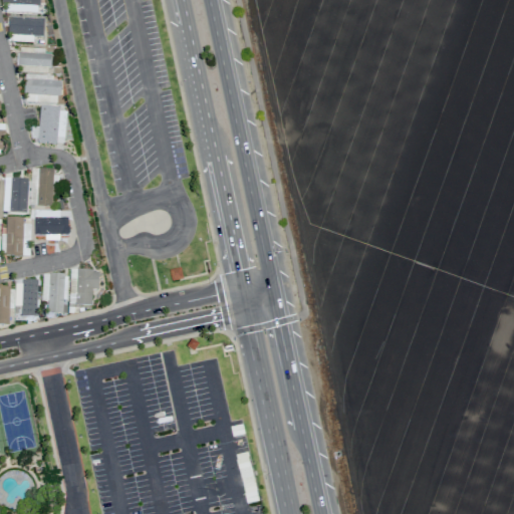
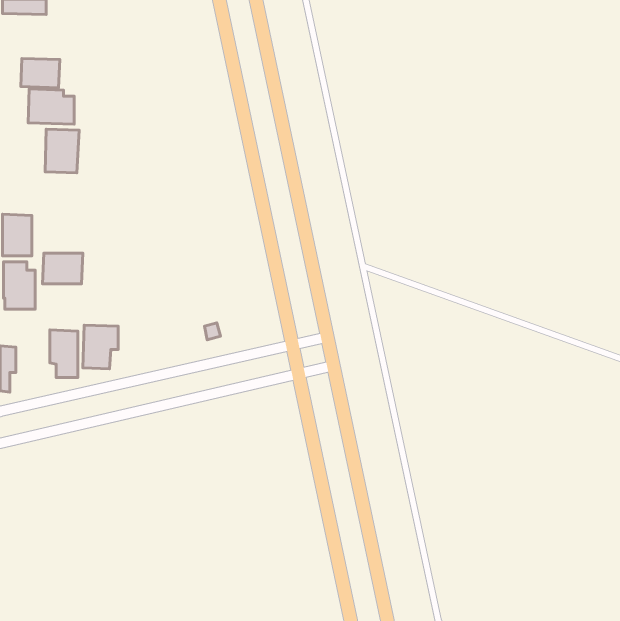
building: [10,17,44,41] -> none
building: [31,167,54,205] -> none
building: [22,278,38,315] -> none

